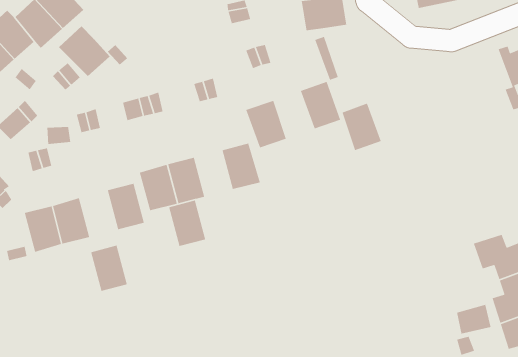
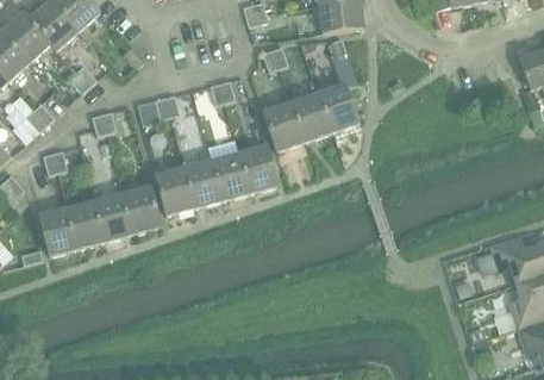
building: [58,26,110,77] -> none
building: [341,103,382,151] -> [289,93,330,142]
building: [168,200,206,247] -> [210,152,248,200]
building: [90,245,128,292] -> [94,193,132,241]

